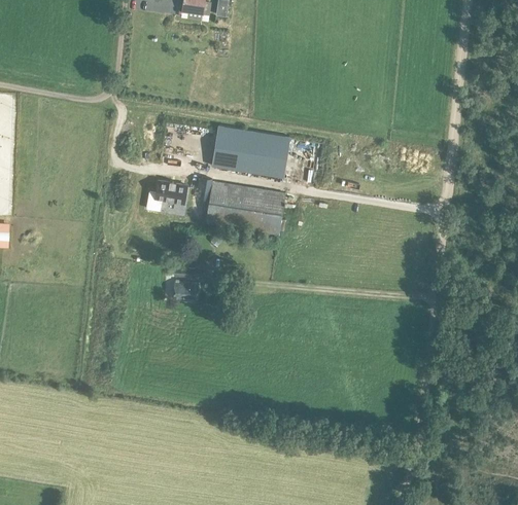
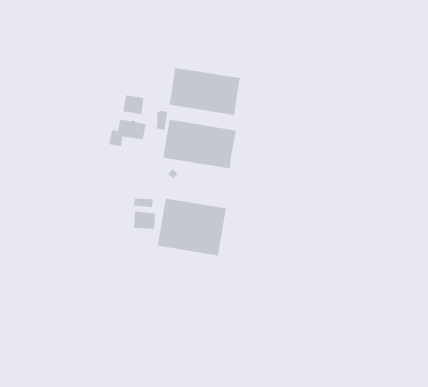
building: none -> [123,95,144,115]
building: none -> [157,198,226,256]

